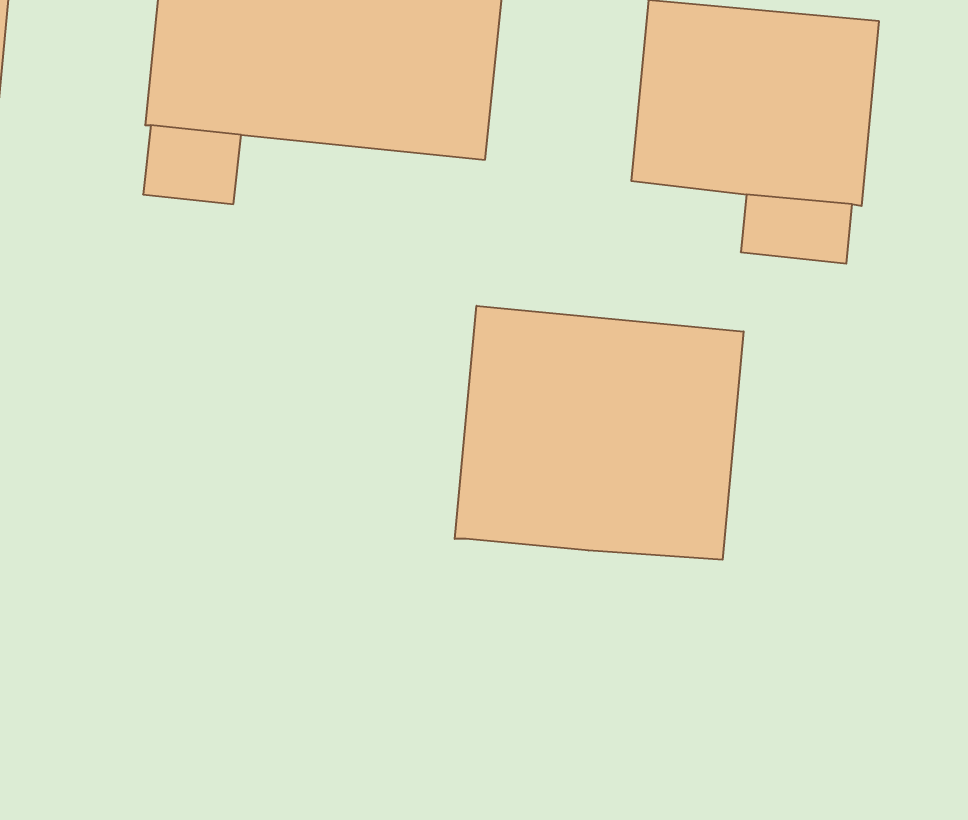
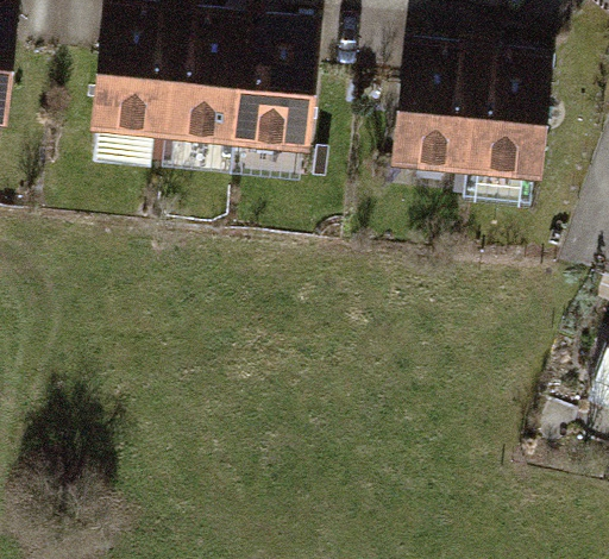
building: [455,306,744,560] -> none

